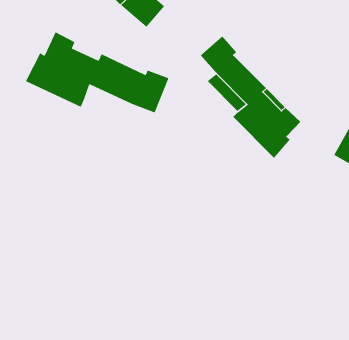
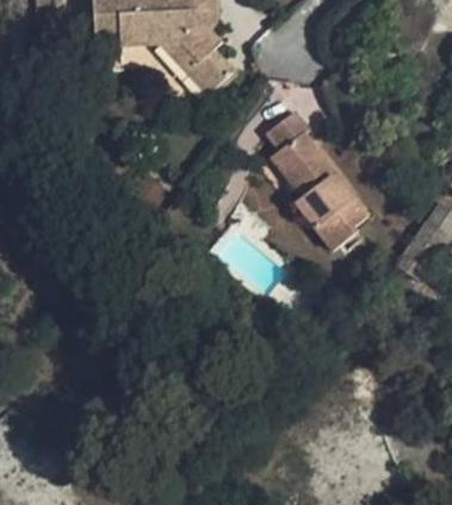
building: [25,31,169,114] -> none

